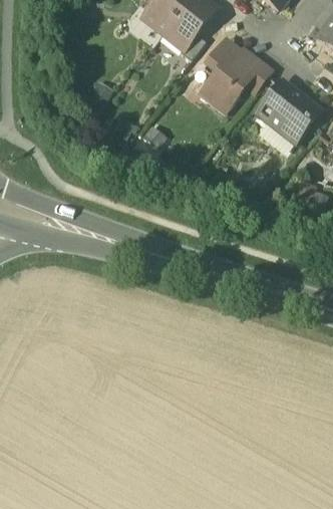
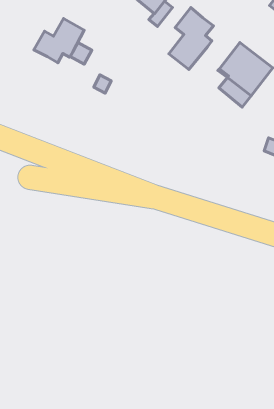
building: [240,48,271,92] -> none
building: none -> [34,19,84,63]

